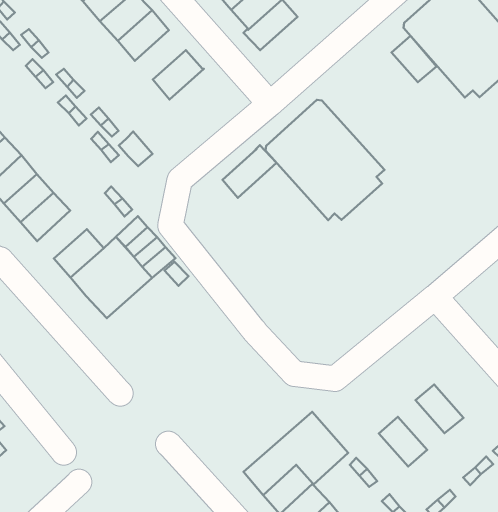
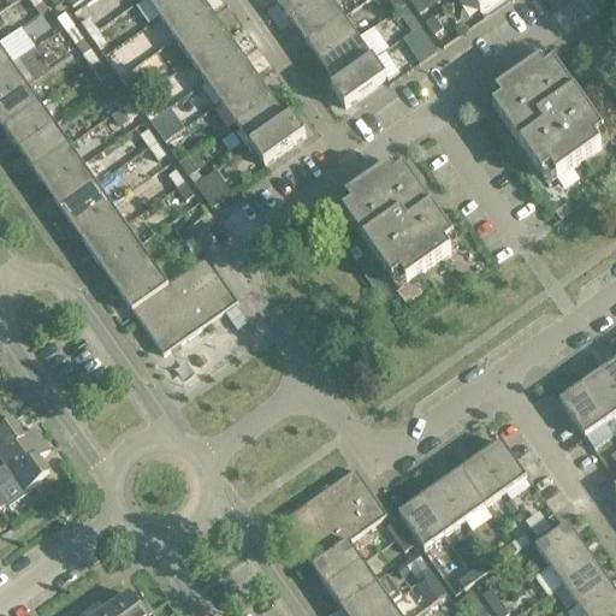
building: none -> [219,73,271,120]
building: [391,36,437,82] -> none
building: [222,145,276,198] -> [249,112,304,161]
building: none -> [102,241,153,286]
building: none -> [479,438,526,490]
building: none -> [439,467,484,517]
building: none -> [397,496,444,546]

